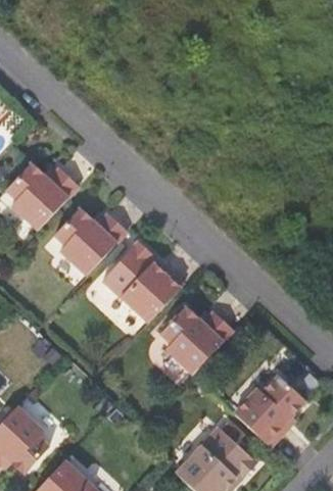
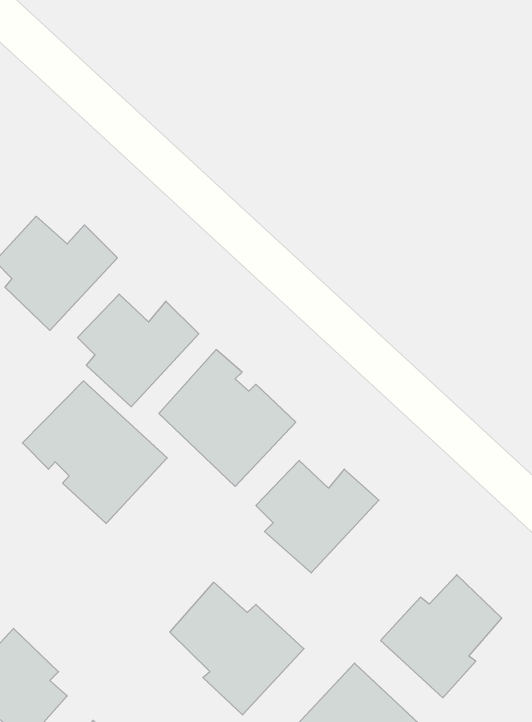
building: none -> [22,381,167,523]
building: none -> [170,582,304,715]

